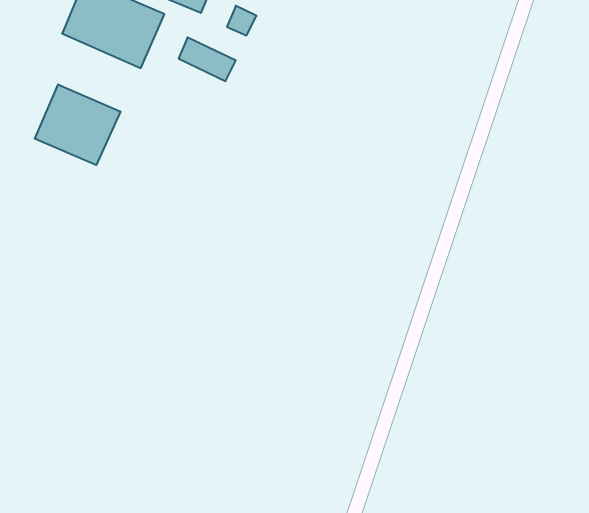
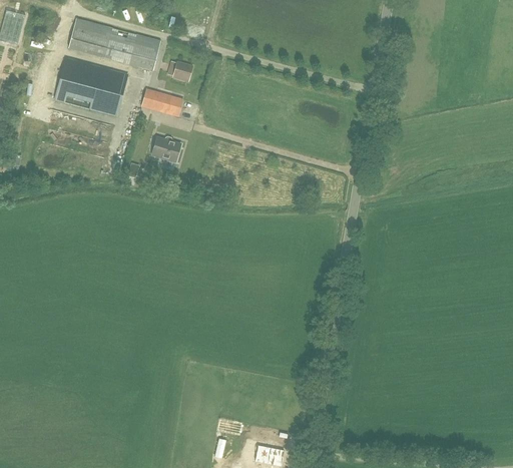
building: [35,84,120,165] -> none
building: none -> [151,136,180,161]

